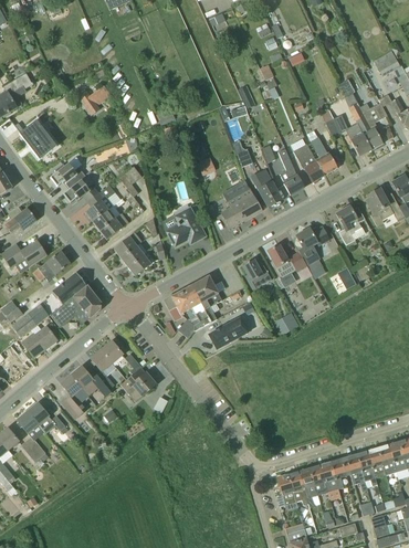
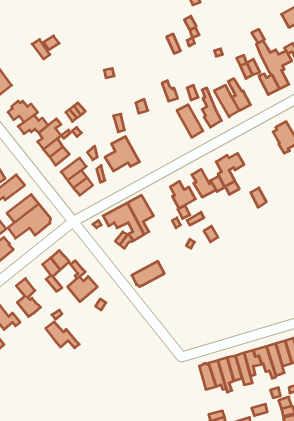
building: [220,186,262,228] -> none
building: [335,205,361,245] -> none
building: [208,317,247,347] -> [132,261,164,286]
building: [71,366,111,397] -> [46,322,79,348]

